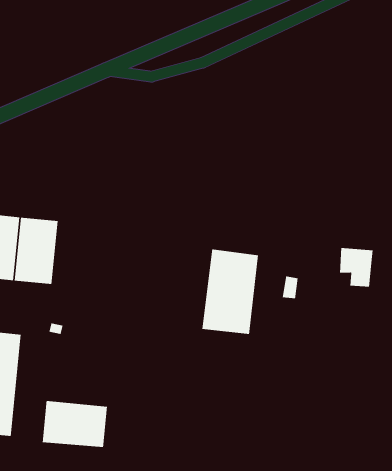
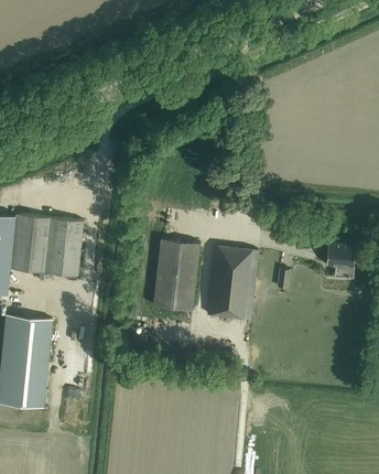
building: none -> [152,239,199,311]
building: [42,400,107,448] -> none

